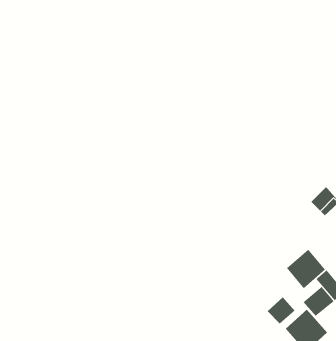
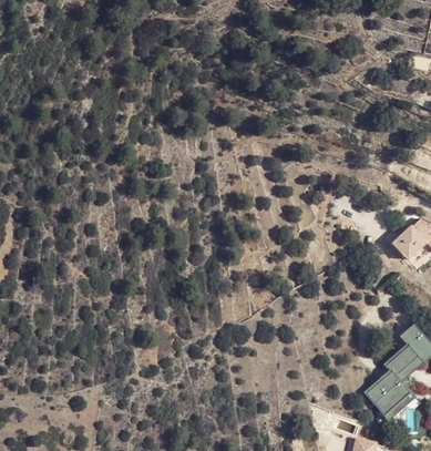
building: [286,249,326,289] -> none
building: [267,297,295,325] -> none

